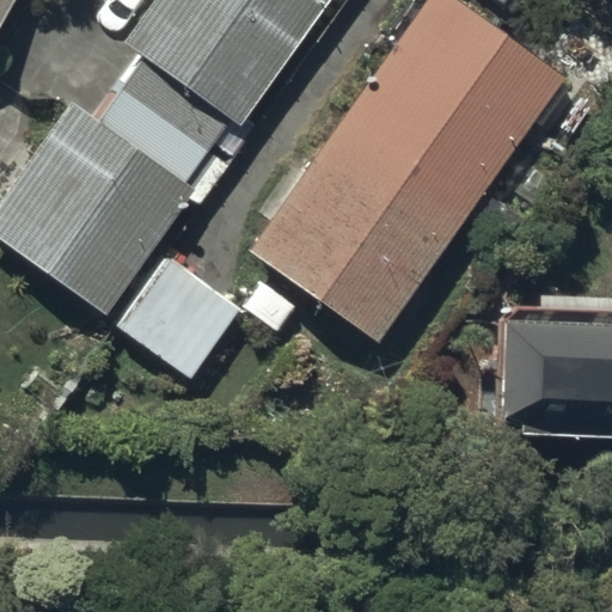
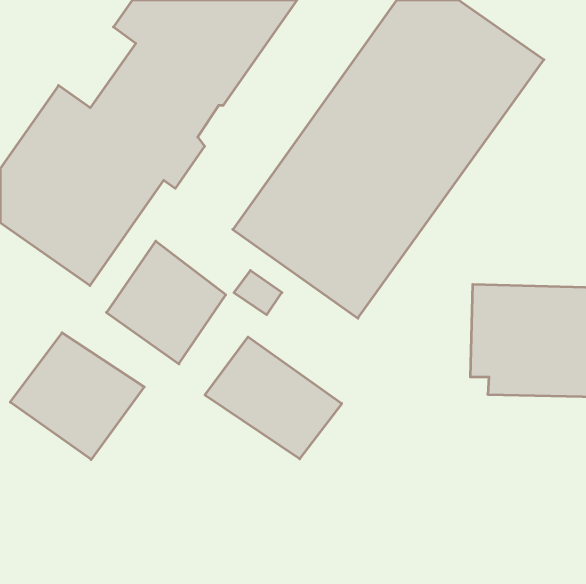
building: none -> [10,333,144,460]
building: none -> [205,337,342,459]

